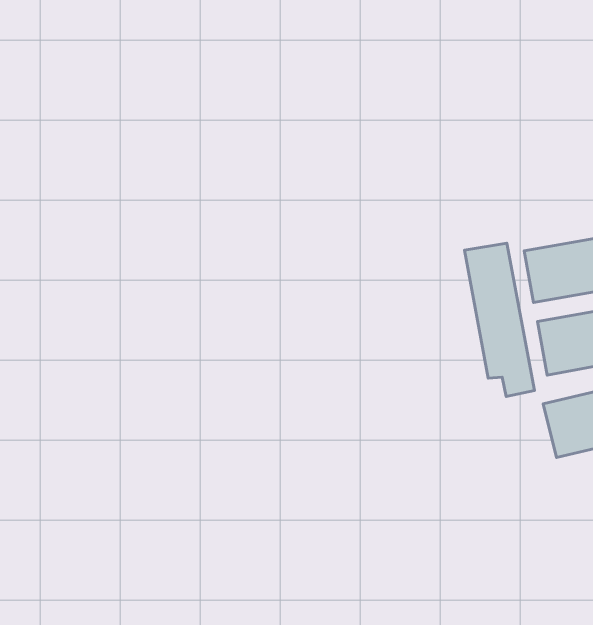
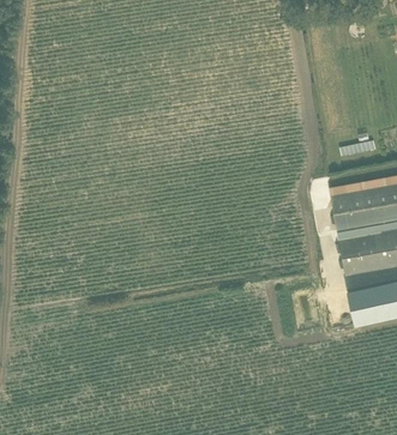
building: [464,243,534,397] -> none

